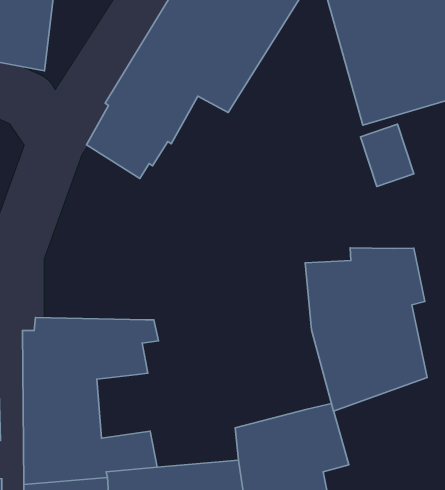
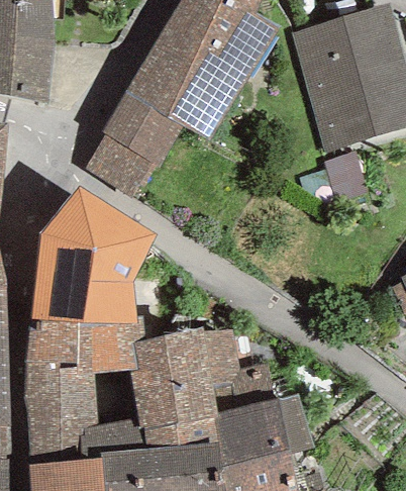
building: none -> [30,187,156,322]
building: [305,248,427,411] -> none
building: none -> [128,328,276,451]

